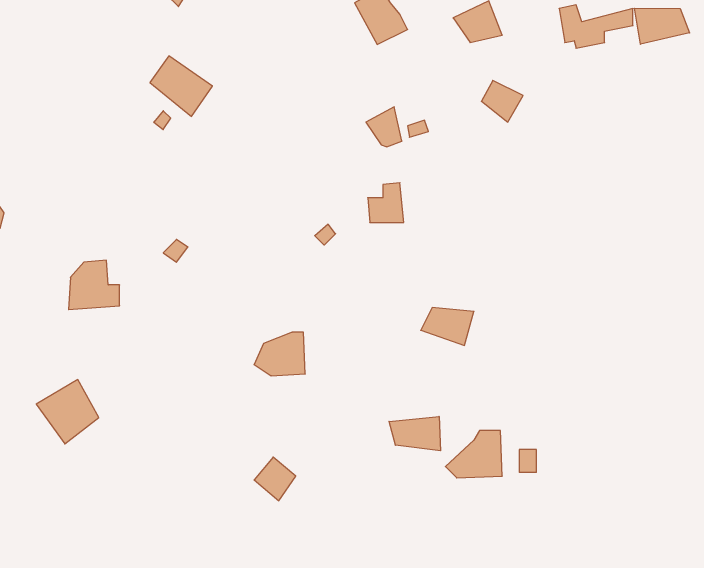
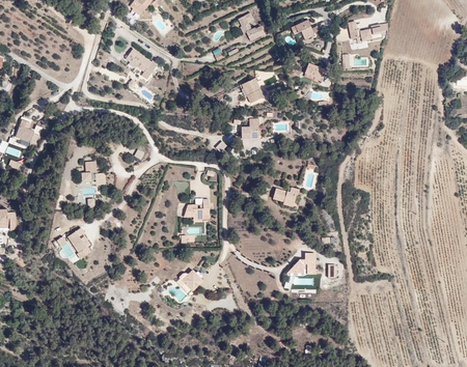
building: [635,8,690,44] -> none
building: [389,416,441,451] -> none

